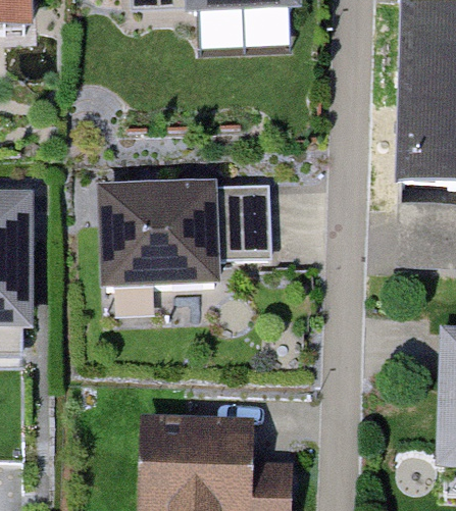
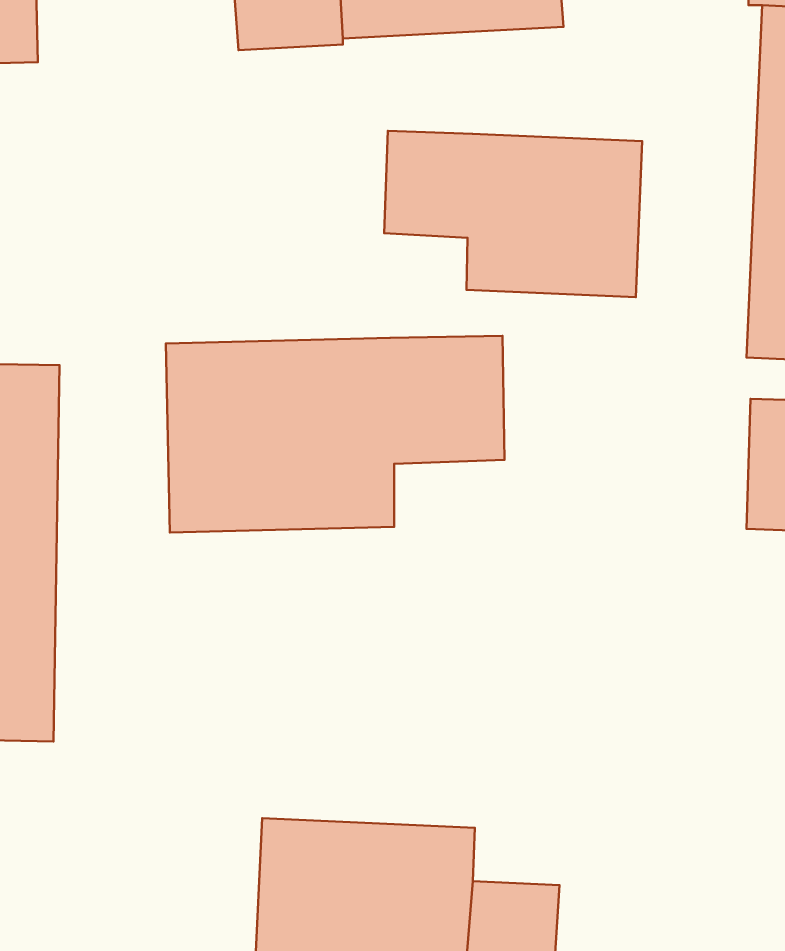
building: none -> [384,131,642,297]

